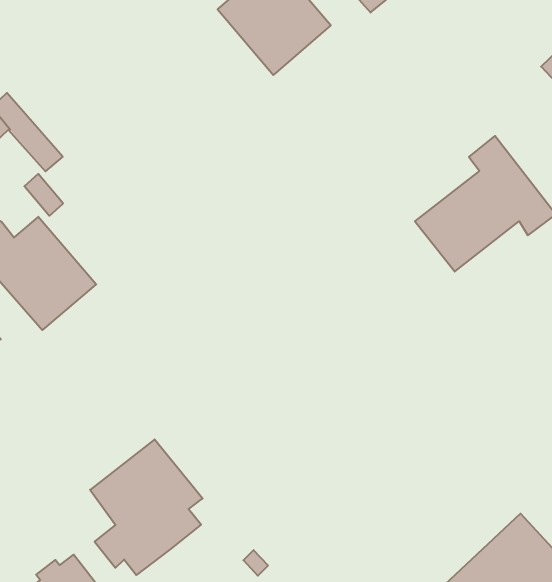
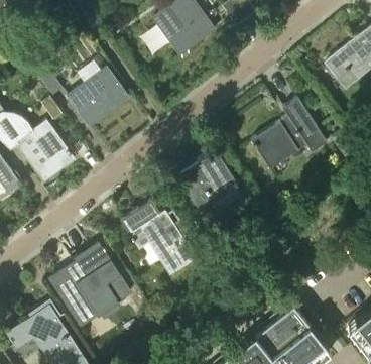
building: none -> [67,67,128,126]
building: none -> [177,152,240,212]
building: none -> [120,200,196,275]

